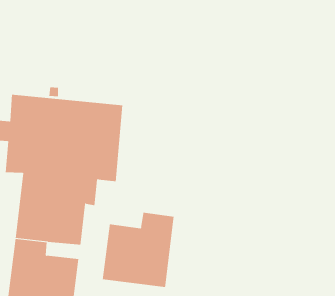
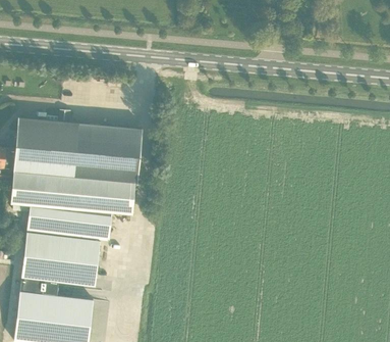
building: [102,212,174,288] -> none

